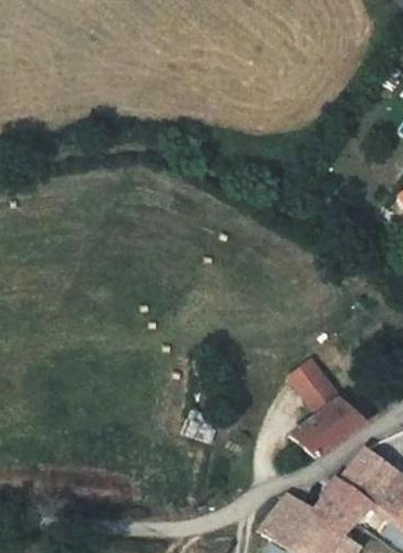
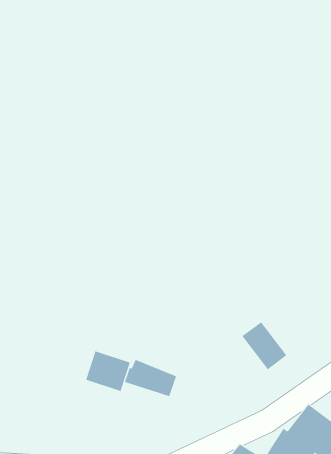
building: none -> [86,350,131,392]
building: [290,398,366,459] -> none

